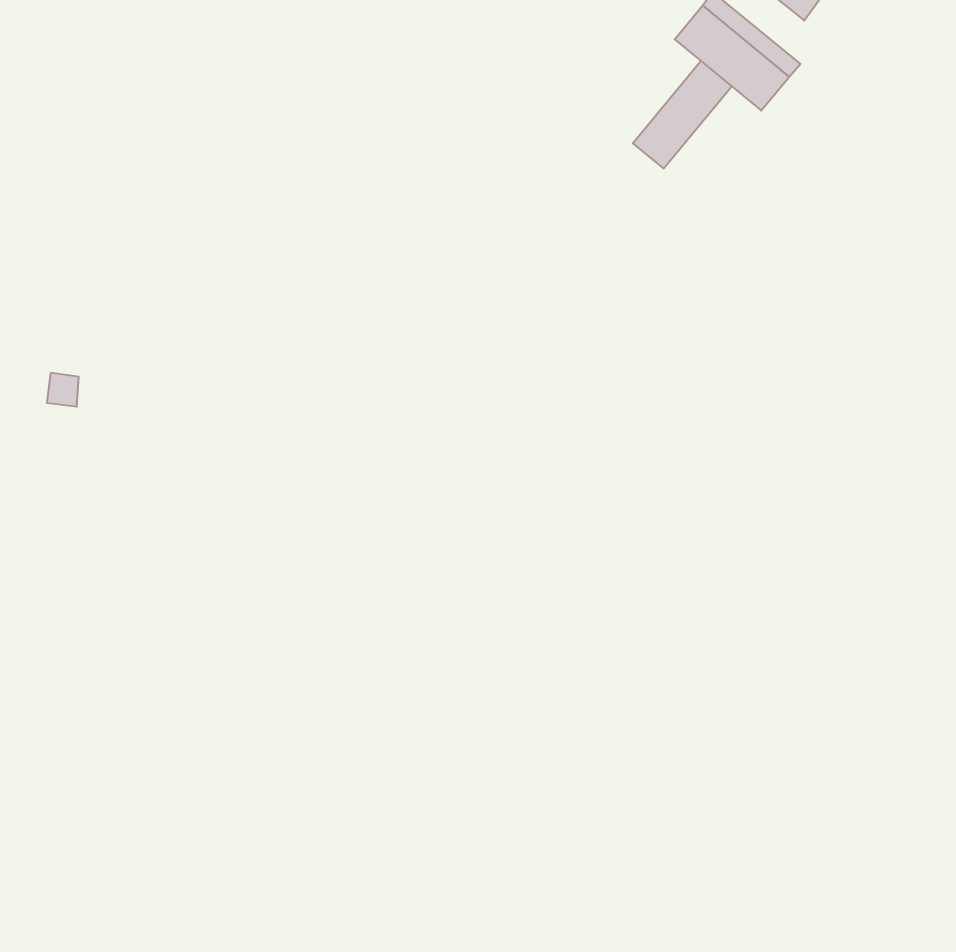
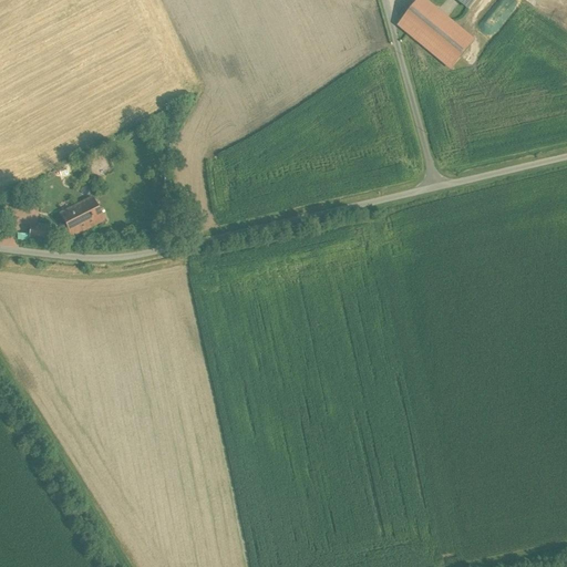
building: [633,61,732,169] -> none
building: none -> [60,195,103,234]

